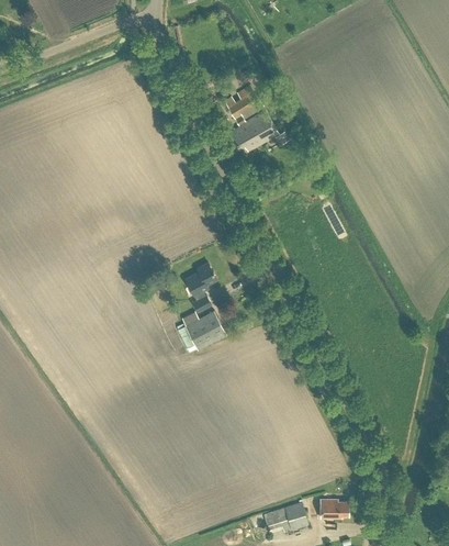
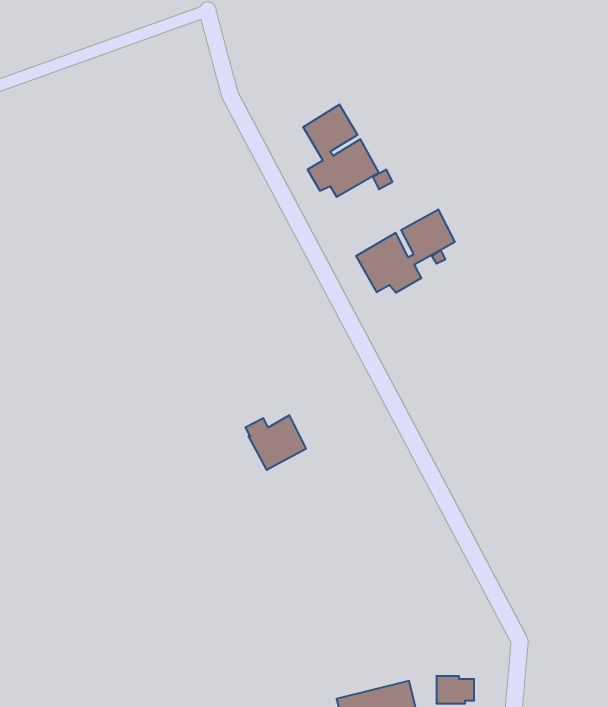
building: none -> [356,209,455,293]
building: [184,263,216,313] -> none

